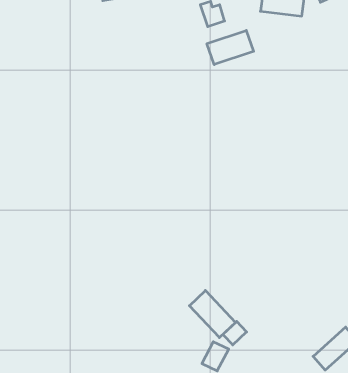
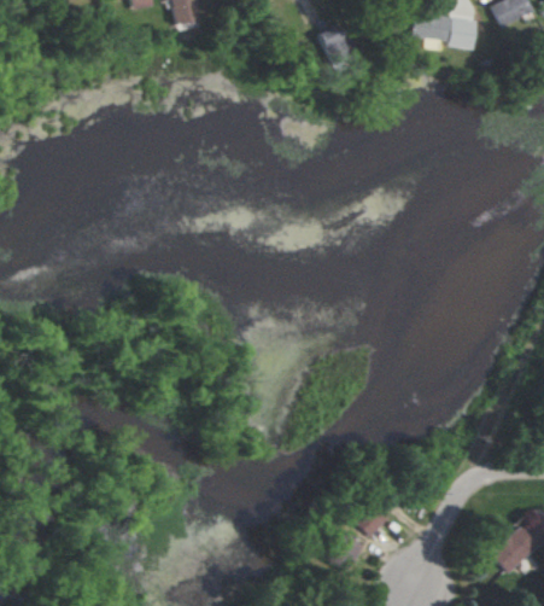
building: [207,30,254,65] -> none
building: [189,290,235,338] -> none

